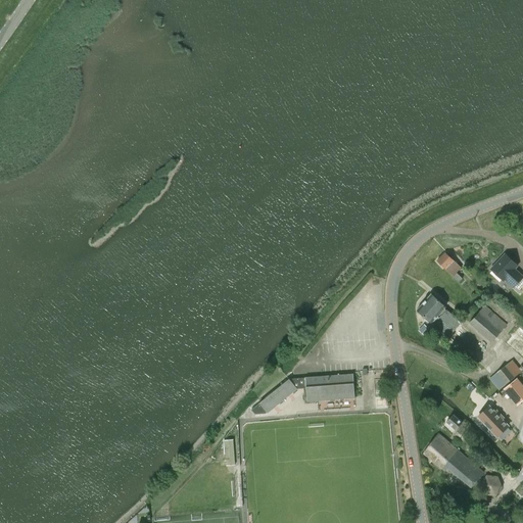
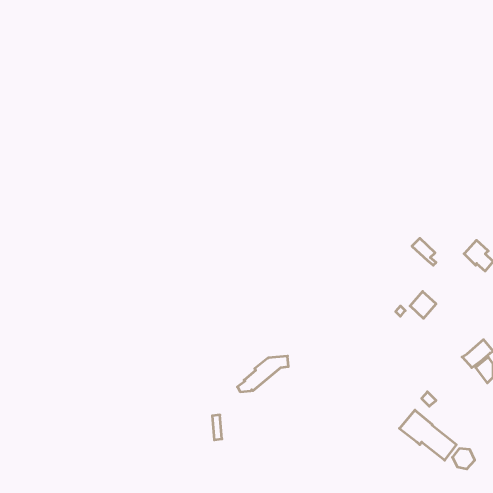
building: [417,293,446,323] -> none
building: [470,304,508,342] -> none
building: [304,374,354,401] -> none
building: [478,406,508,435] -> none

